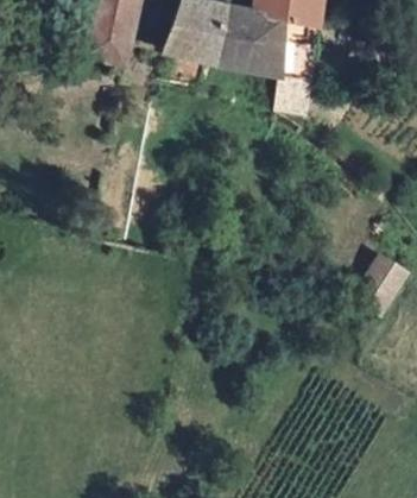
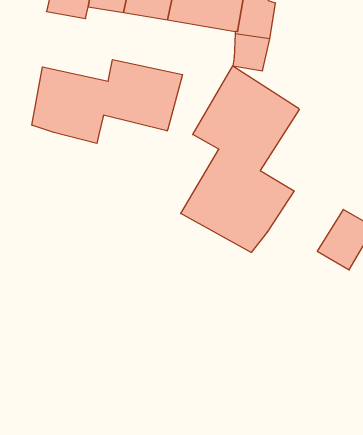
building: none -> [32,60,183,143]
building: none -> [181,66,299,252]

